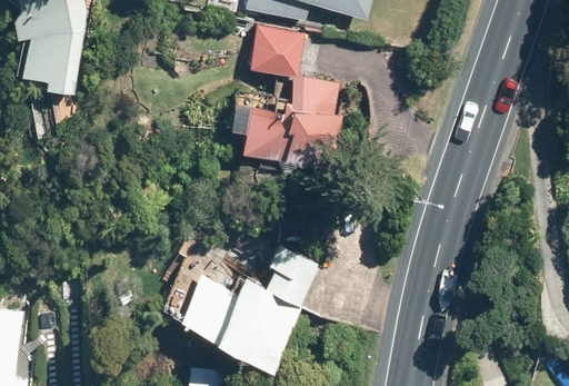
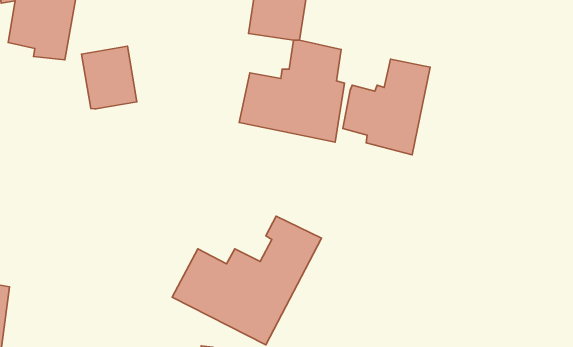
building: none -> [82,46,137,109]
building: none -> [343,59,430,155]

